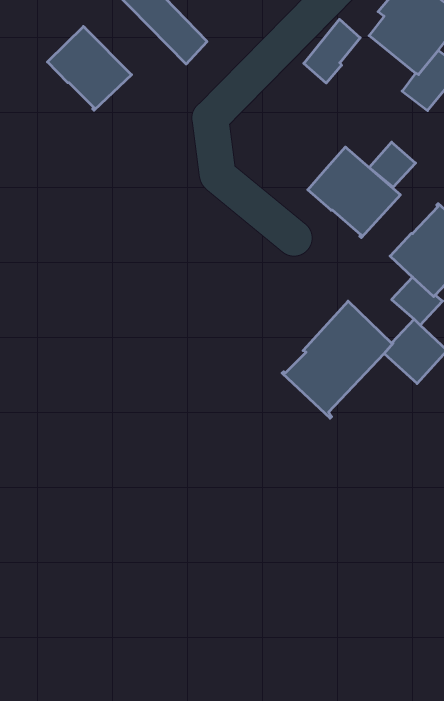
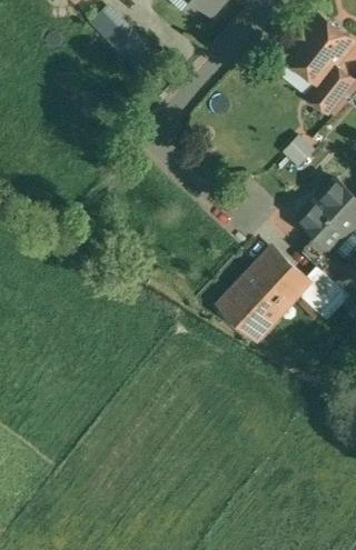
building: [304,19,360,83] -> none
building: [47,26,132,110] -> none
building: [308,147,400,238] -> none

